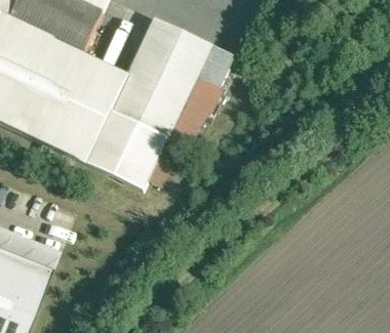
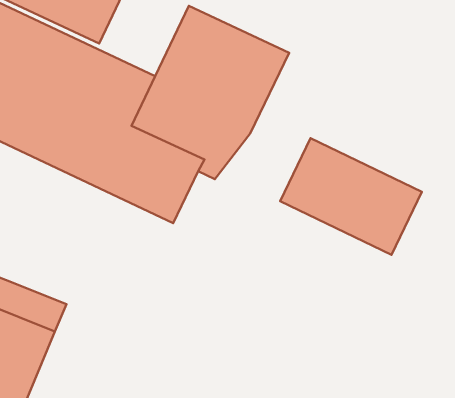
building: none -> [280,138,422,255]

